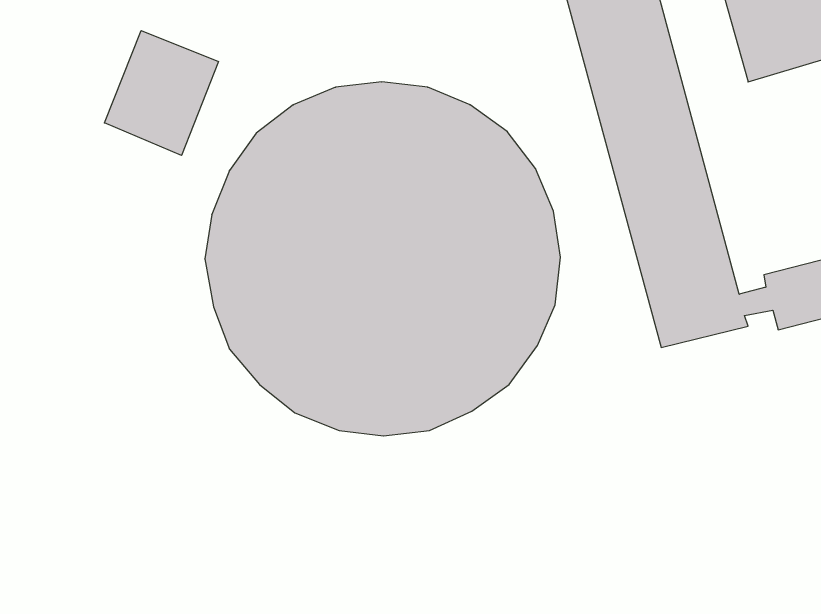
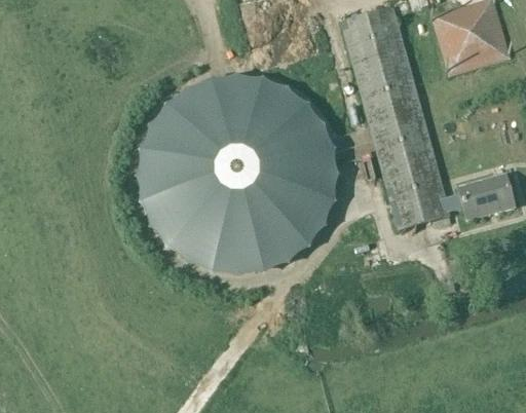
building: [104,31,219,155] -> none

